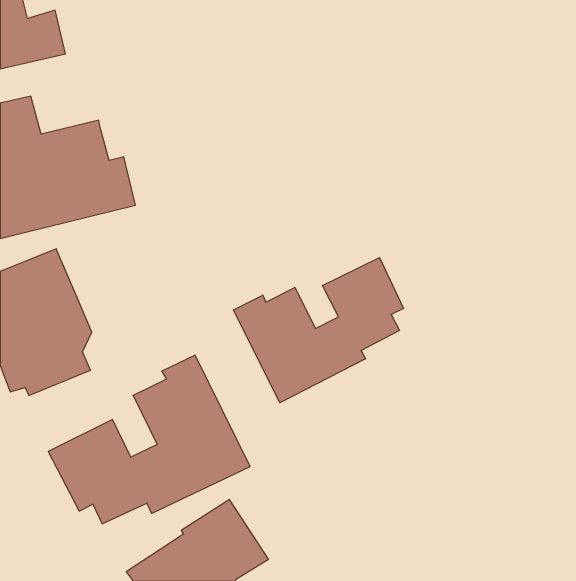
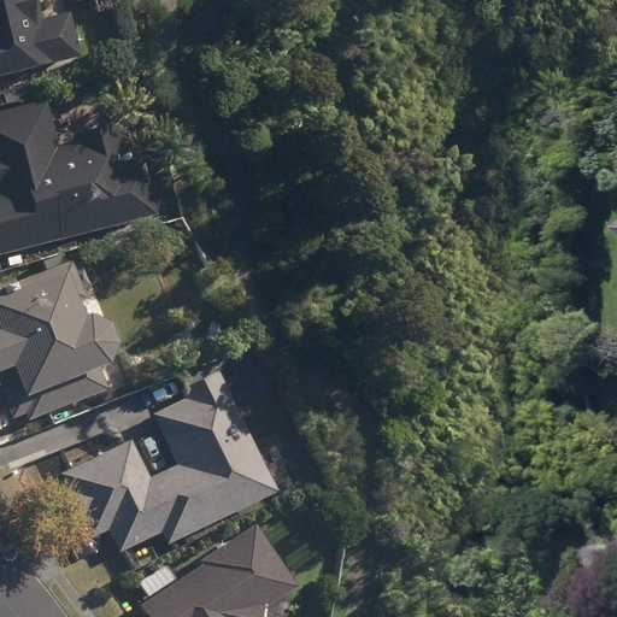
building: [234,258,403,403] -> none

